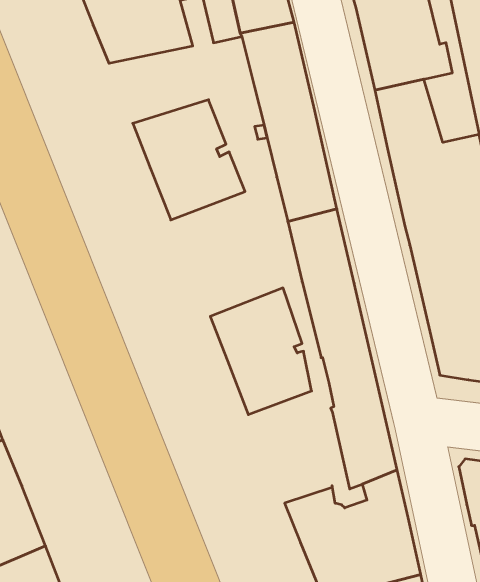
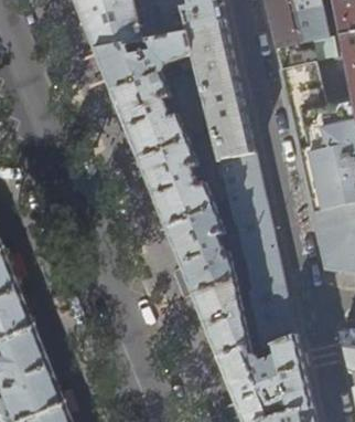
building: none -> [96,31,197,92]
building: none -> [139,139,217,226]
building: none -> [193,273,252,357]

